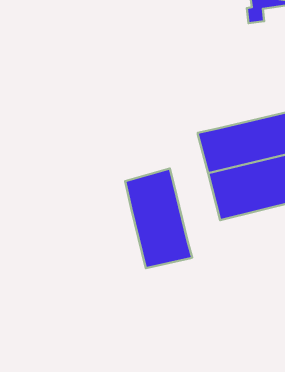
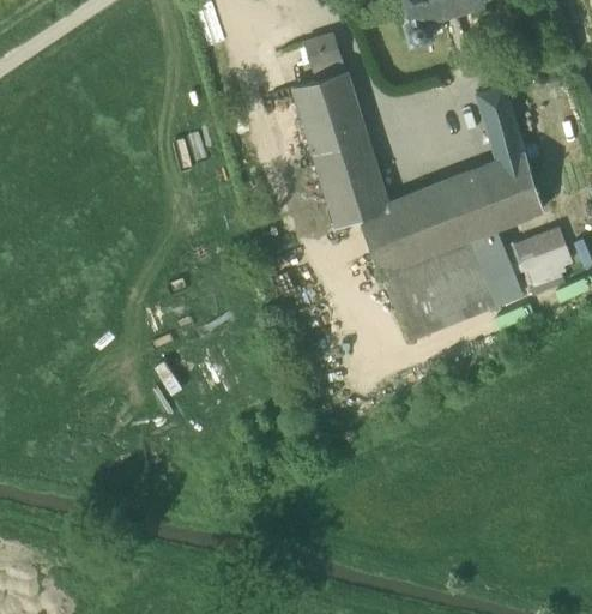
building: none -> [292,35,387,227]
building: [125,168,192,268] -> none

